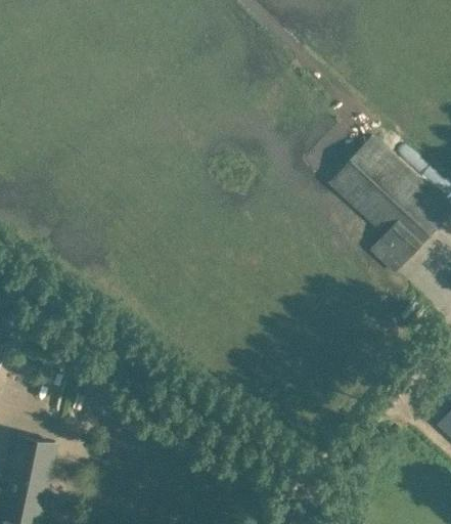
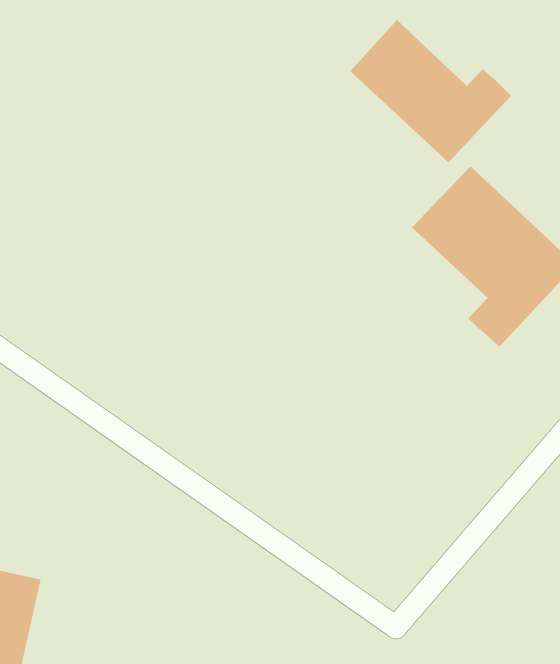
building: none -> [350,19,512,163]

